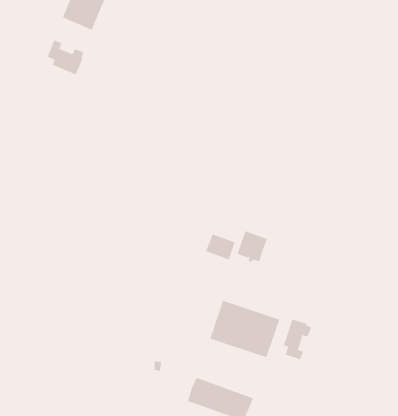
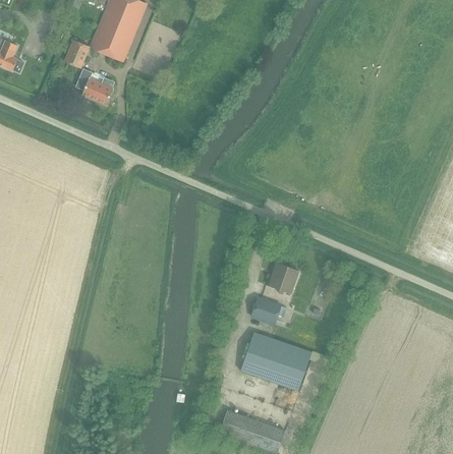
building: none -> [65,40,90,67]
building: [205,234,235,260] -> [250,297,281,324]
building: [283,319,312,360] -> none

